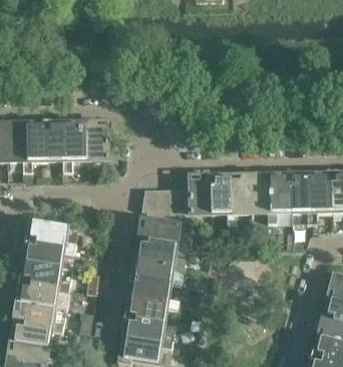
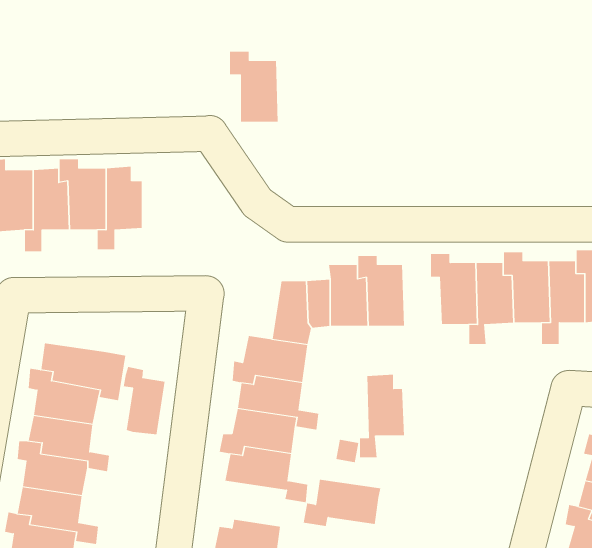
building: [81,118,108,157] -> [229,51,278,122]
building: [227,176,252,223] -> [359,374,405,458]
building: [141,187,163,219] -> none
building: none -> [123,366,165,435]
building: [123,297,166,323] -> [303,479,381,526]

